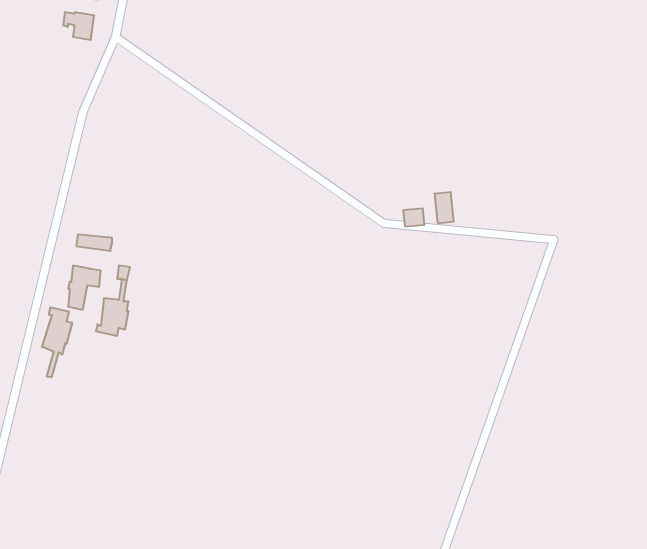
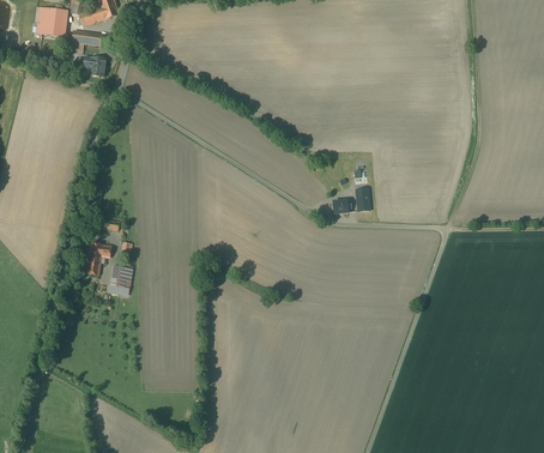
building: [42,307,72,377] -> none

